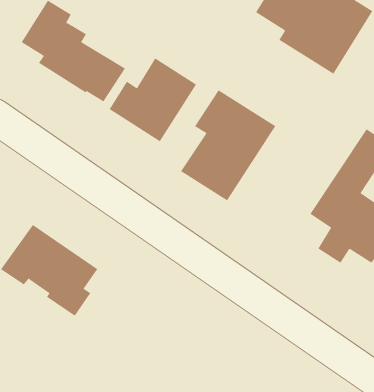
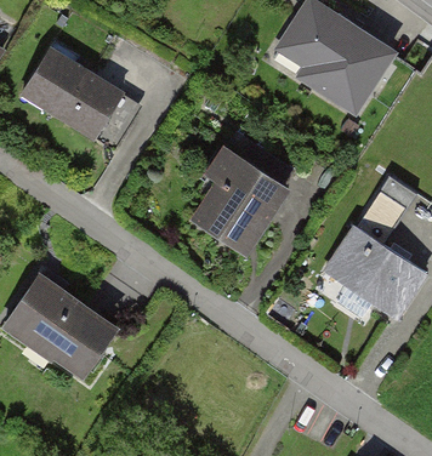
building: [109,57,197,142] -> none

